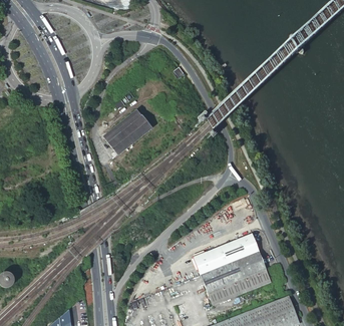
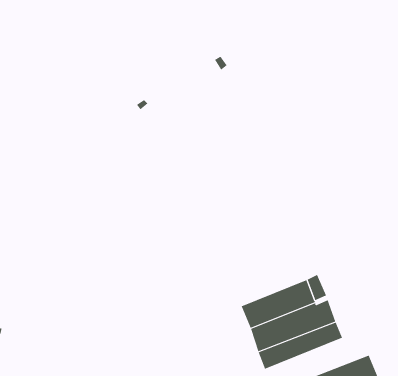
building: [102,110,151,154] -> none

